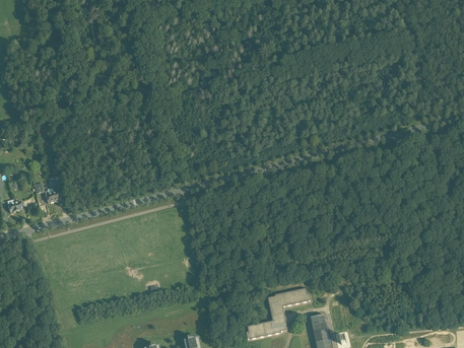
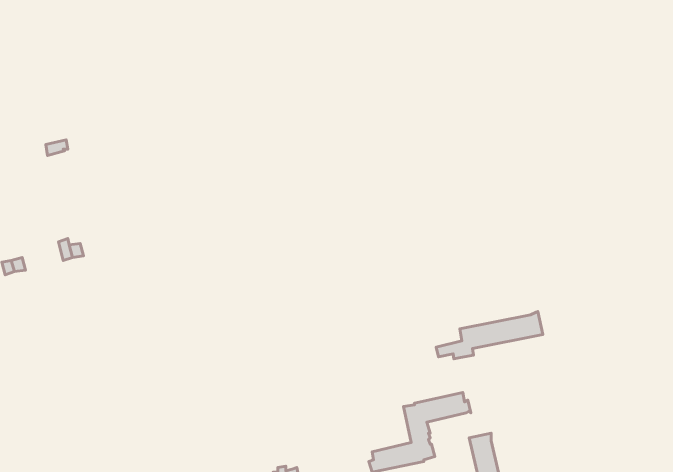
building: none -> [436,311,543,359]

